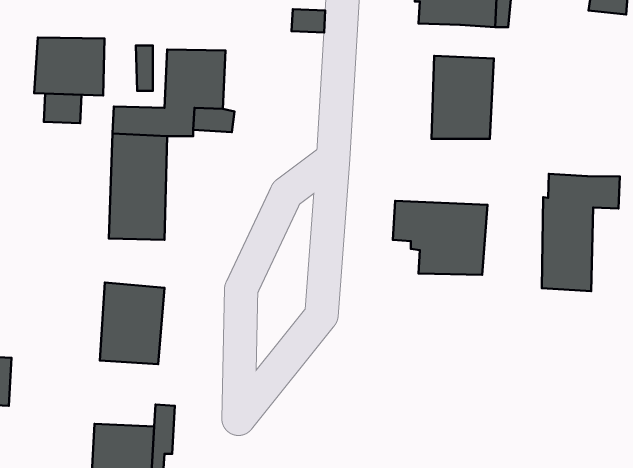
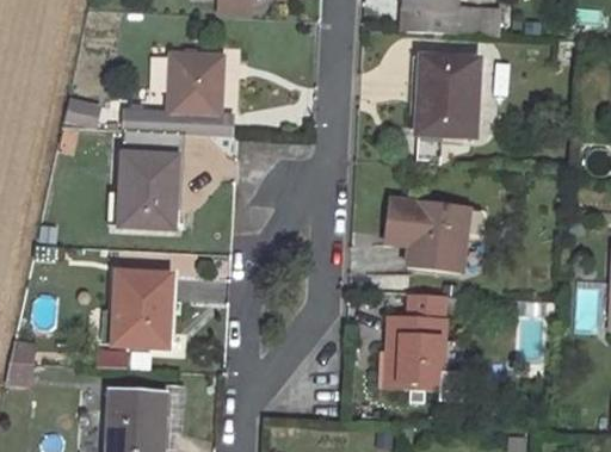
building: [34,37,105,95] -> none
building: [542,174,620,291] -> none
building: none -> [376,289,468,394]

